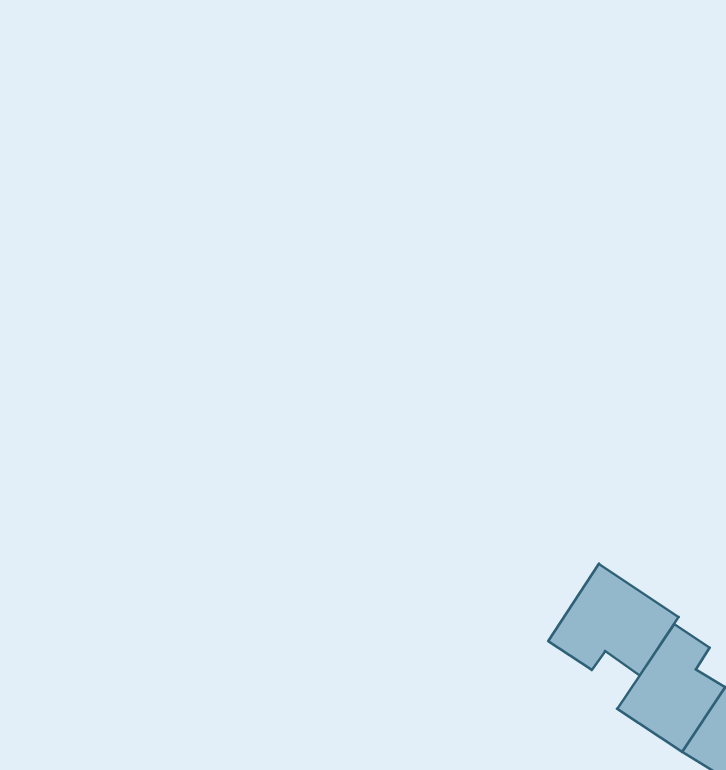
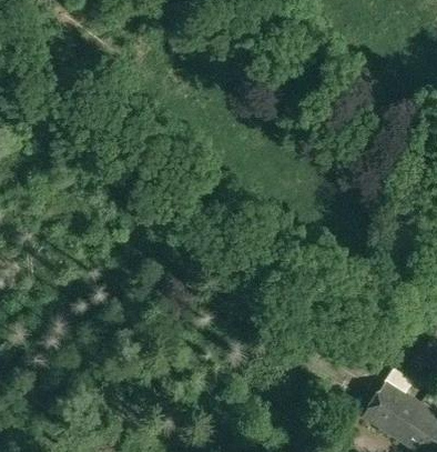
building: [548,564,679,676] -> none

